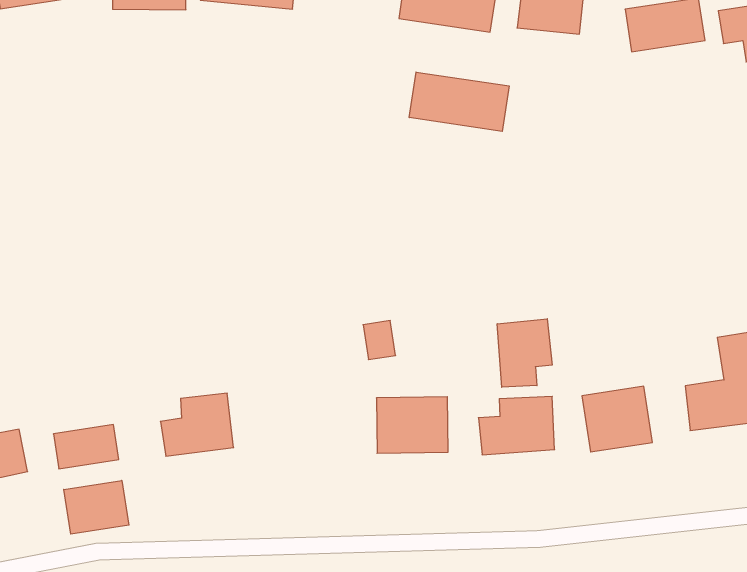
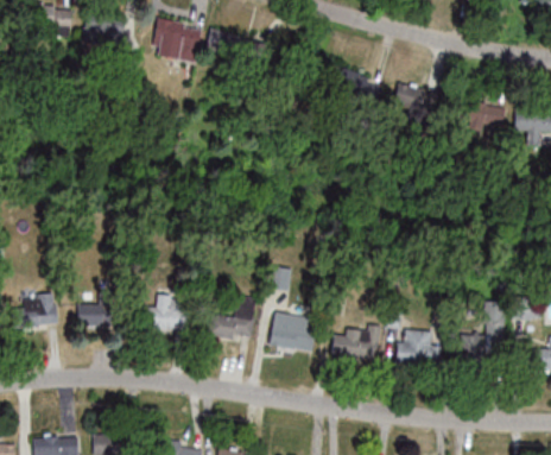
building: [409,72,509,131] -> none
building: [497,319,552,387] -> none
building: none -> [208,296,256,342]
building: [64,480,129,534] -> none

